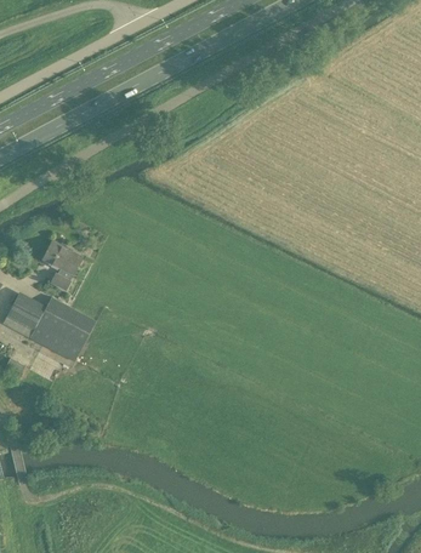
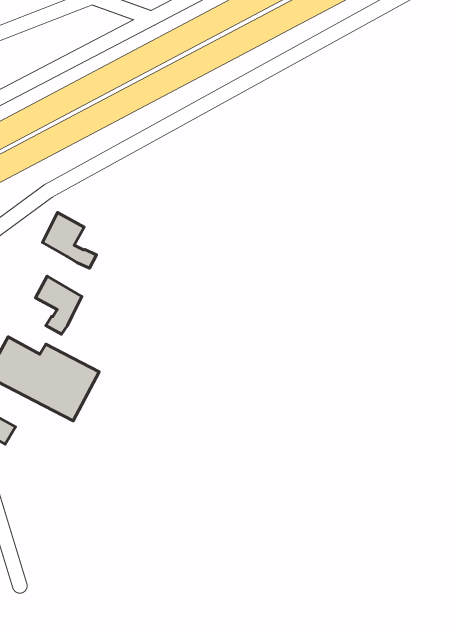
building: none -> [43,212,97,268]

